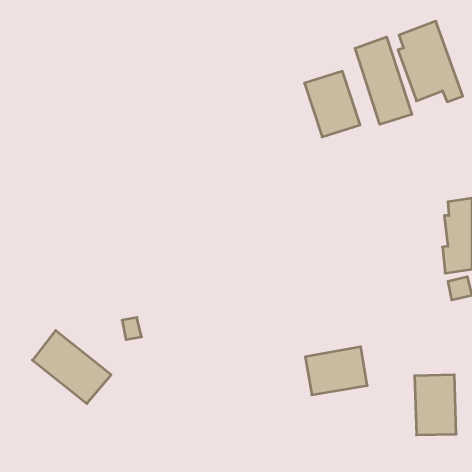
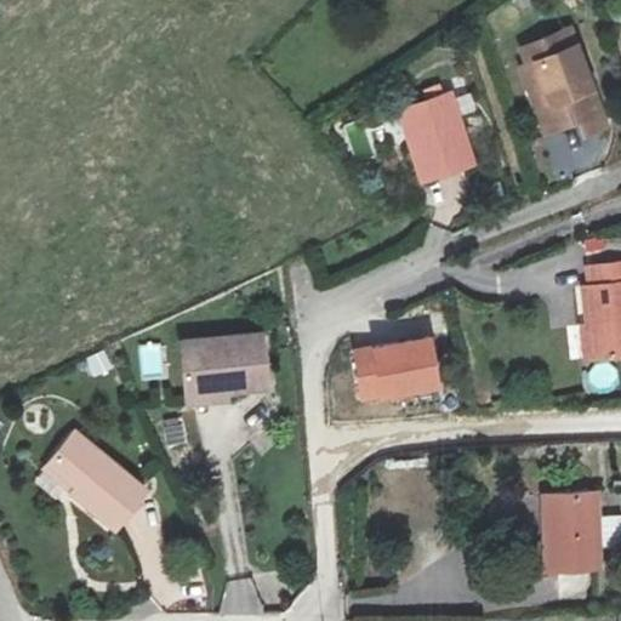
building: [355,37,412,124] -> none
building: none -> [183,335,269,401]
building: [305,347,367,395] -> [358,337,439,400]

